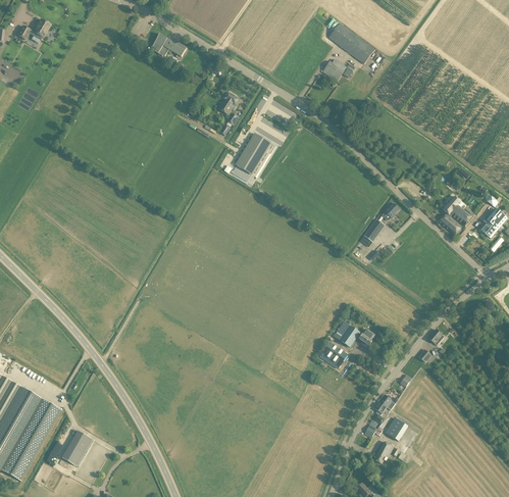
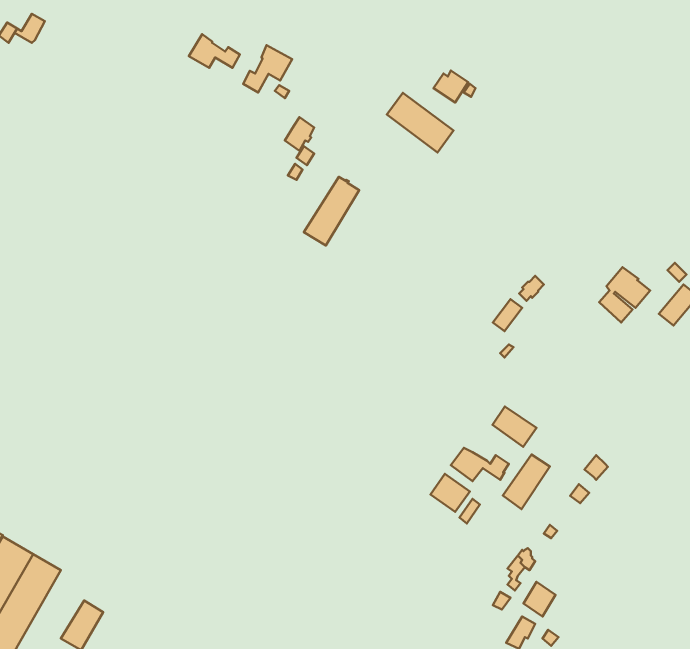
building: [327,22,374,64] -> [387,93,454,152]
building: none -> [243,45,292,92]
building: none -> [493,407,536,447]
building: none -> [503,454,550,509]

